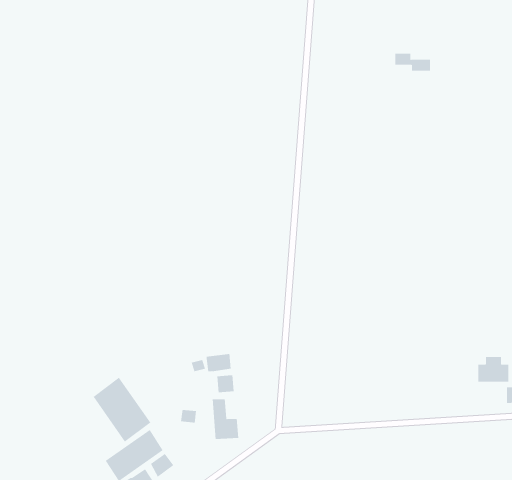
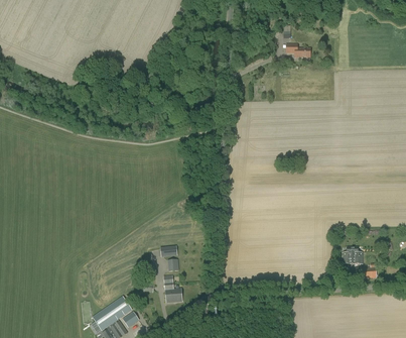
building: [93,377,151,442] -> none

